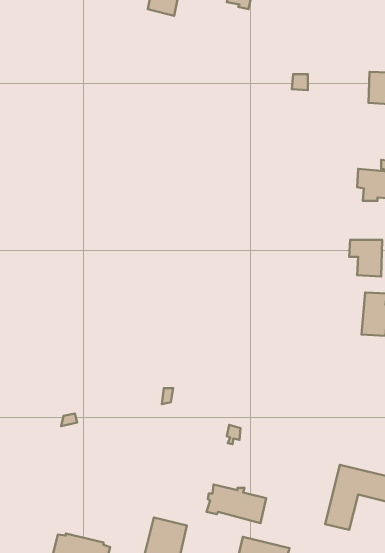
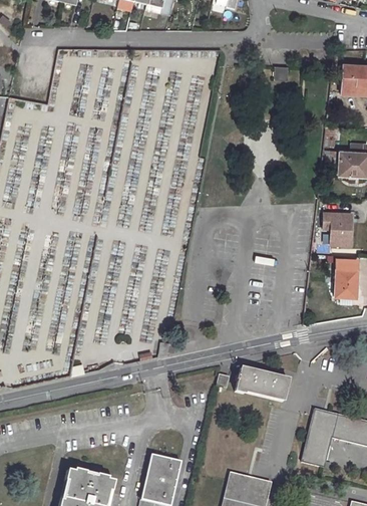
building: [207,484,266,523] -> [235,367,287,402]

